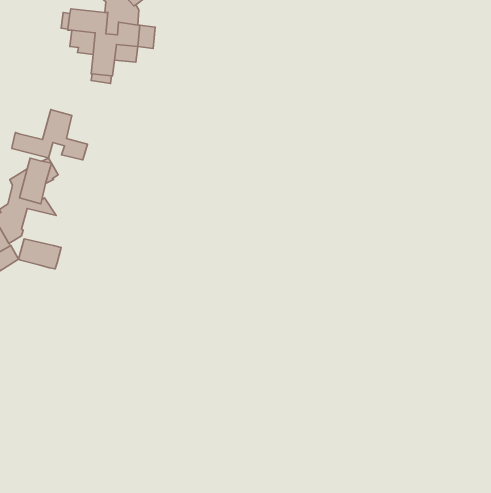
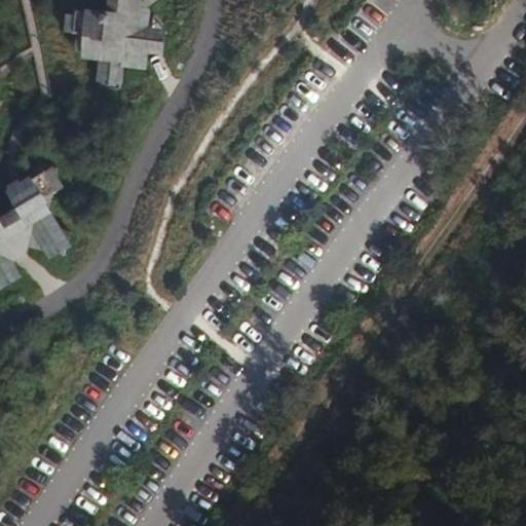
building: [12,110,87,160] -> none
building: [18,239,61,269] -> [23,221,68,253]

